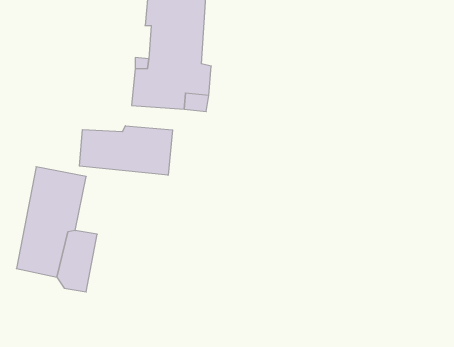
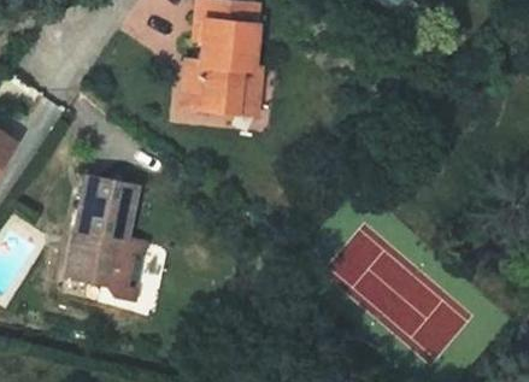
building: [79,126,173,175] -> none

